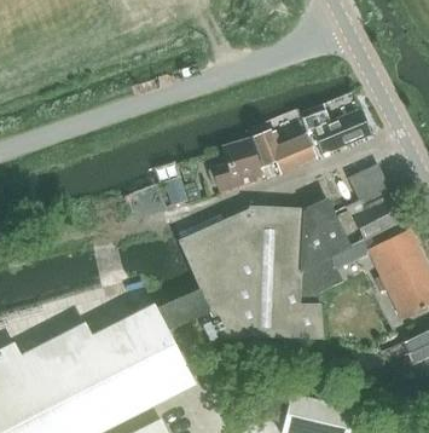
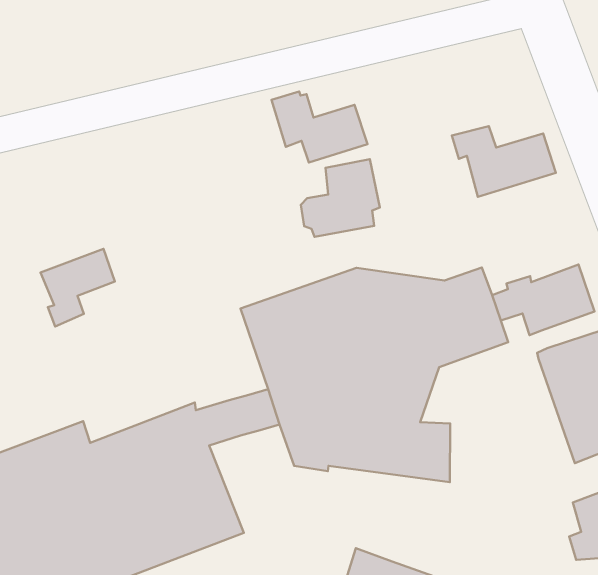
building: [253,128,317,173] -> [272,91,367,163]
building: [349,163,390,204] -> none
building: none -> [41,249,115,326]
building: [300,235,376,301] -> none

